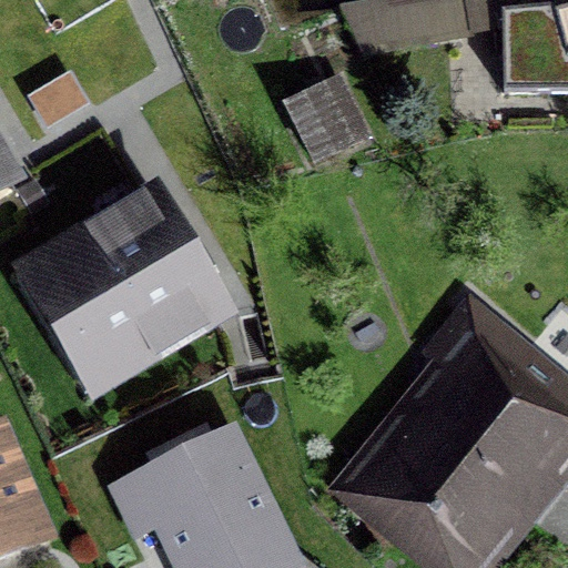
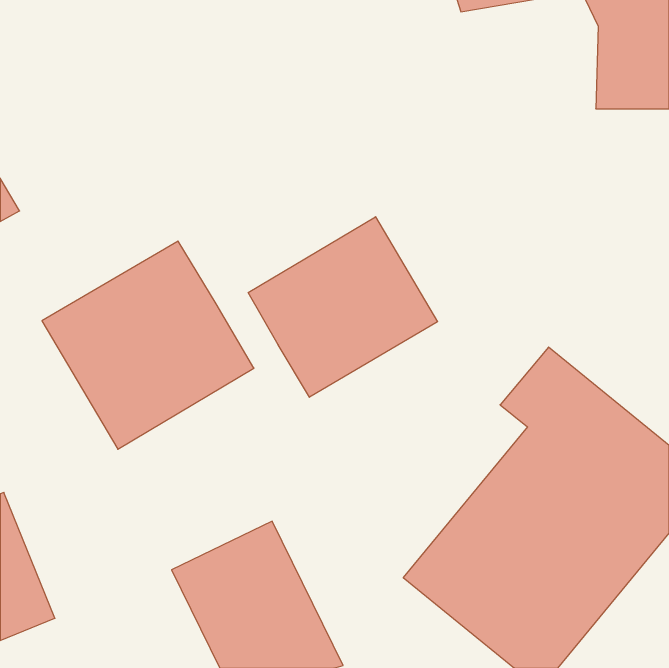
building: [278,78,375,173] -> none
building: none -> [248,217,438,397]

